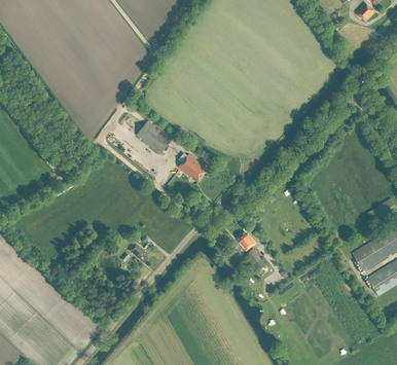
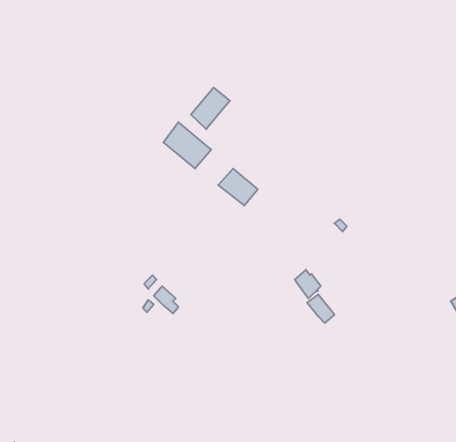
building: none -> [191,88,230,129]

